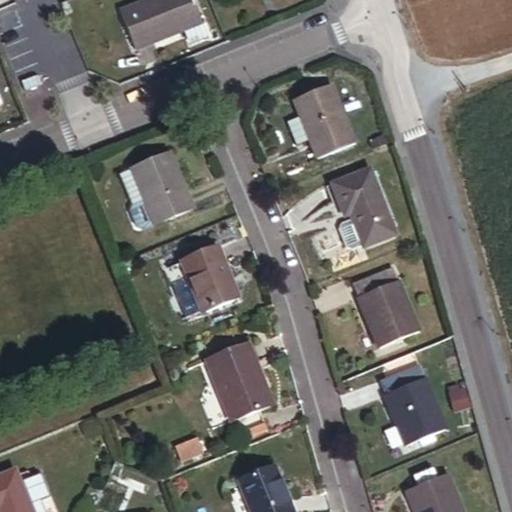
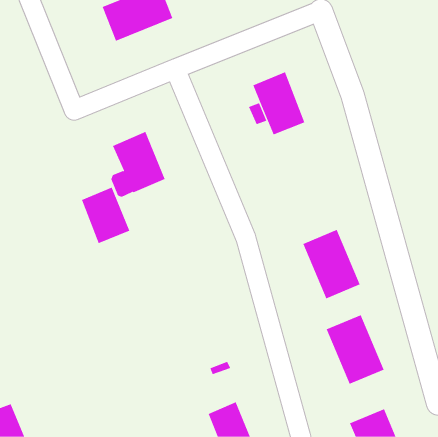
building: [331,167,396,247] -> none
building: [182,244,239,310] -> [81,187,130,244]
building: [207,342,272,420] -> none

